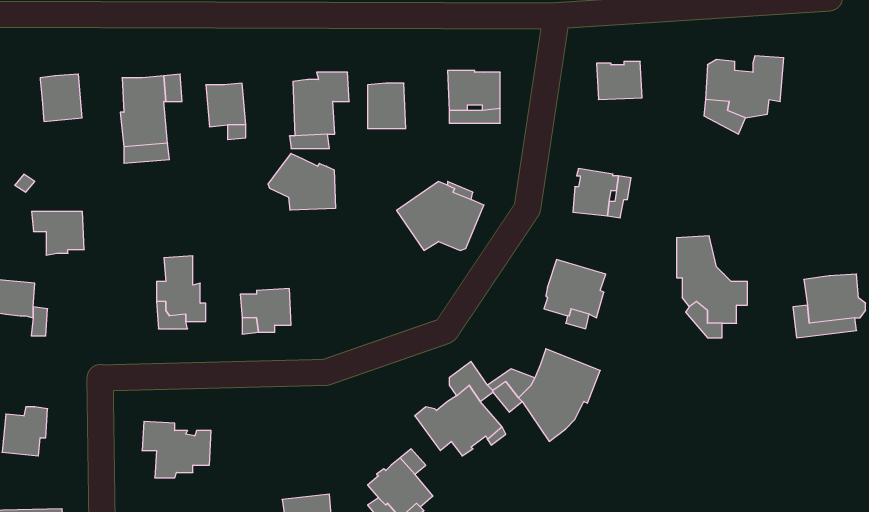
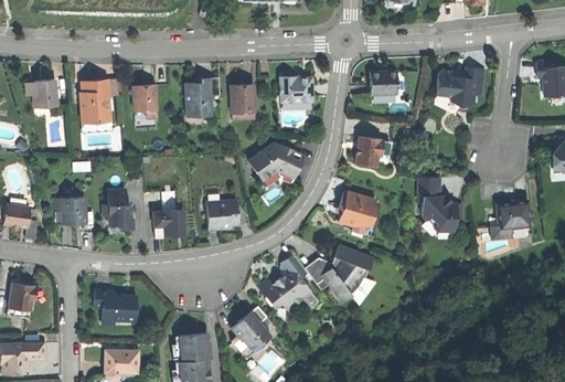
building: [268,153,335,210] -> none
building: [32,211,84,255] -> [53,198,85,224]
building: none -> [205,201,238,227]

